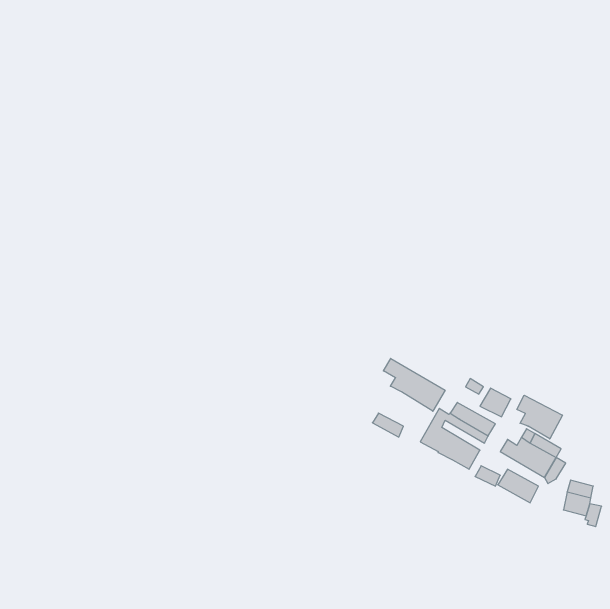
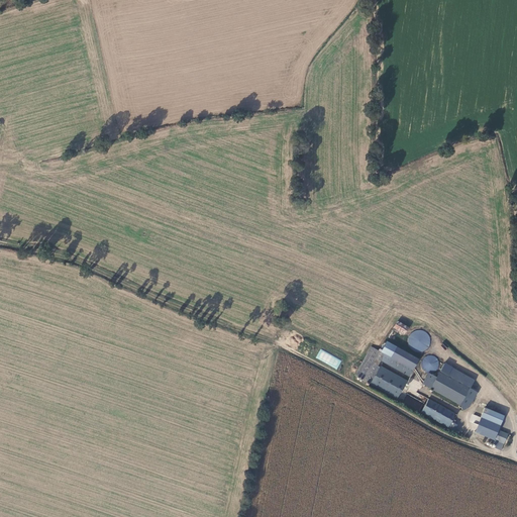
building: [383,358,445,411] -> none
building: [517,395,562,439] -> none

